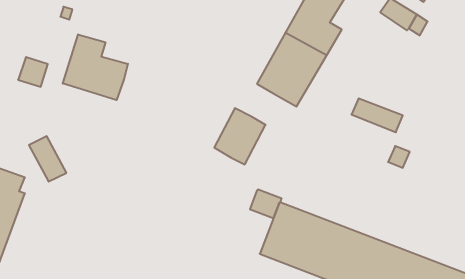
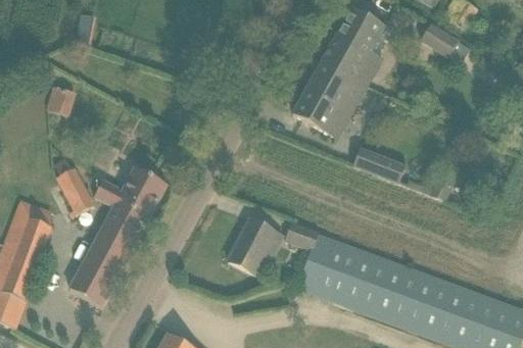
building: [63,34,128,100] -> none
building: [351,99,403,132] -> [352,148,406,183]
building: [214,108,266,164] -> [228,217,281,276]
building: none -> [69,166,167,306]

